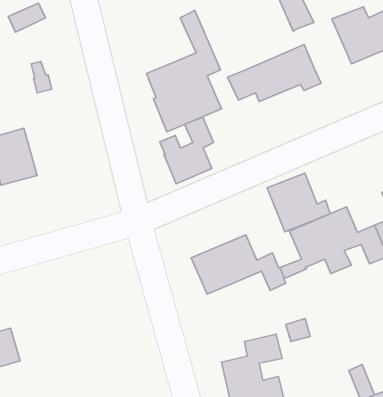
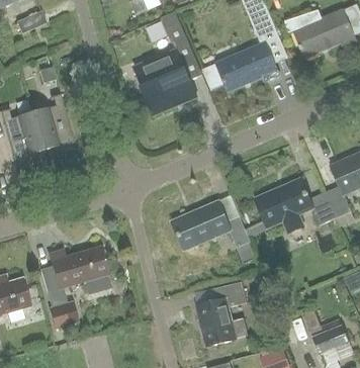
building: none -> [31,94,72,151]
building: [160,117,214,184] -> none
building: [267,173,330,232] -> none
building: none -> [47,247,109,328]

